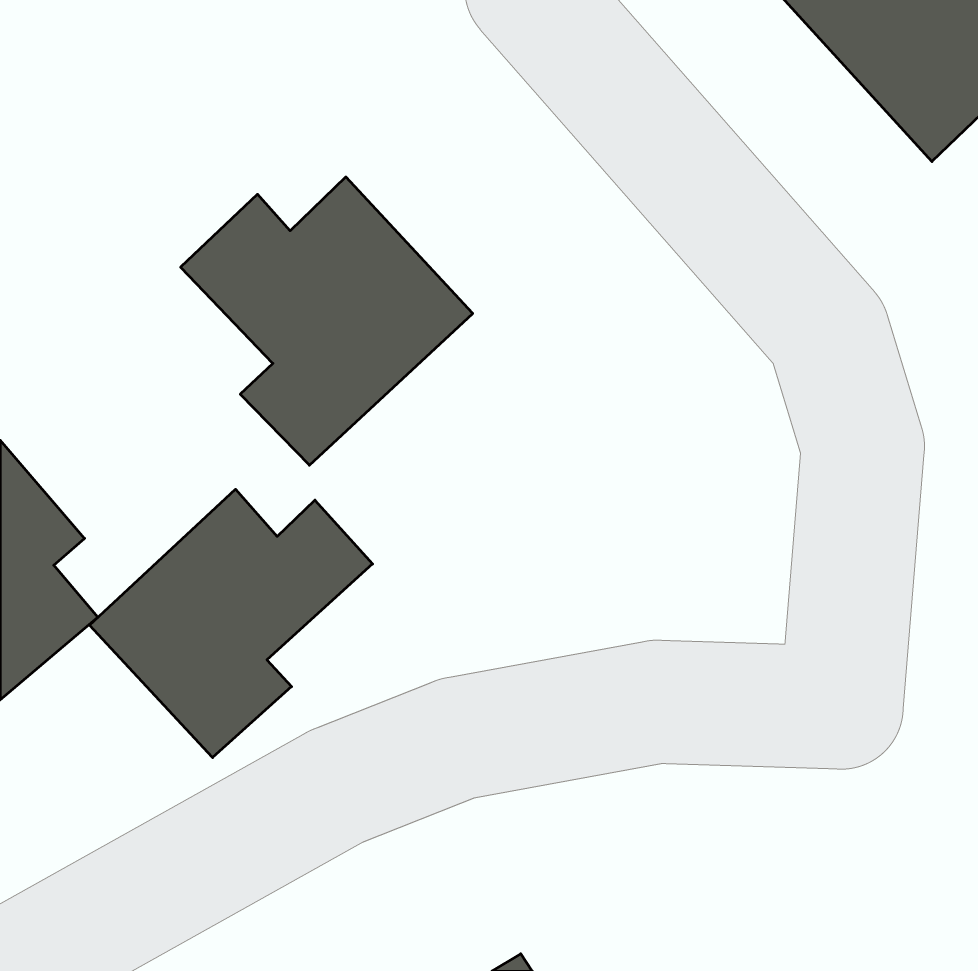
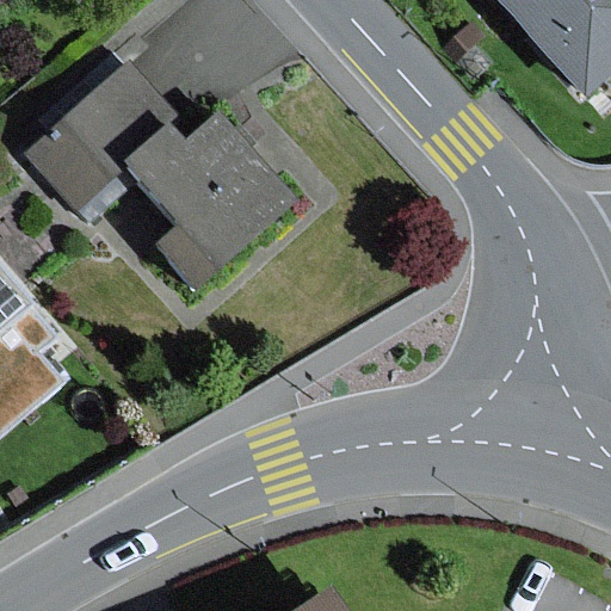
building: none -> [25,57,174,203]
building: [89,489,373,758] -> none

